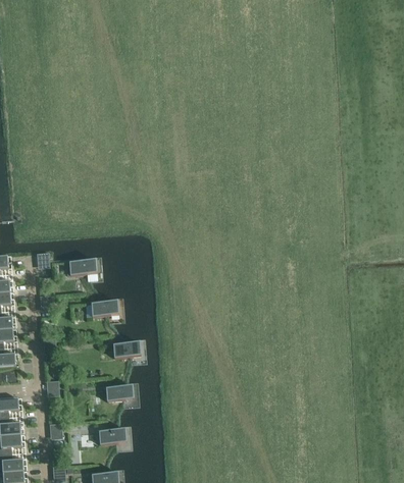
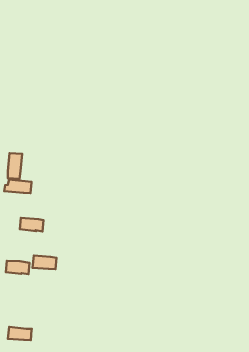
building: none -> [8,153,22,179]
building: [106,385,134,400] -> [6,261,29,274]

